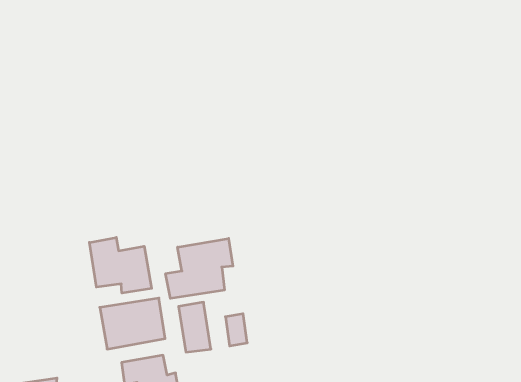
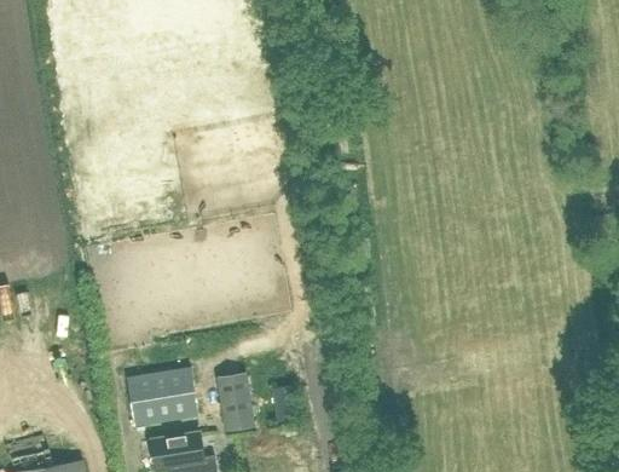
building: [89,237,152,293] -> none
building: [166,238,233,298] -> none

